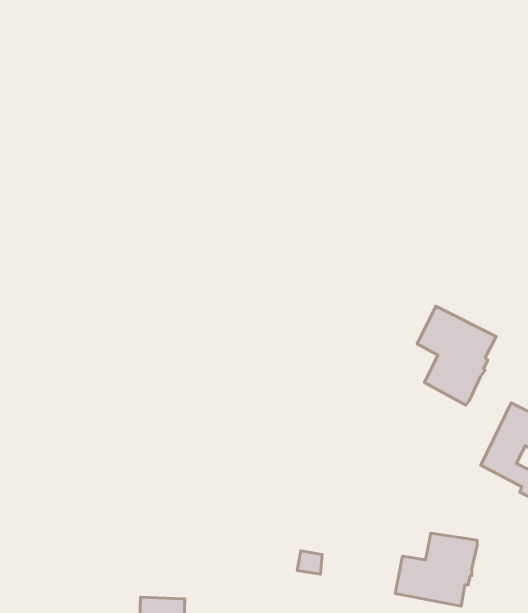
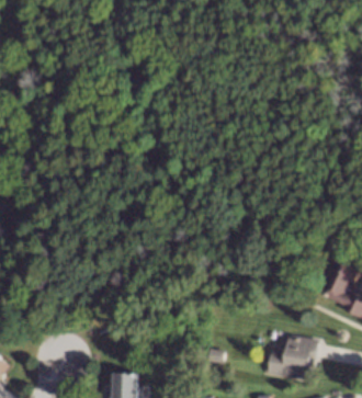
building: [417,306,496,405] -> none

